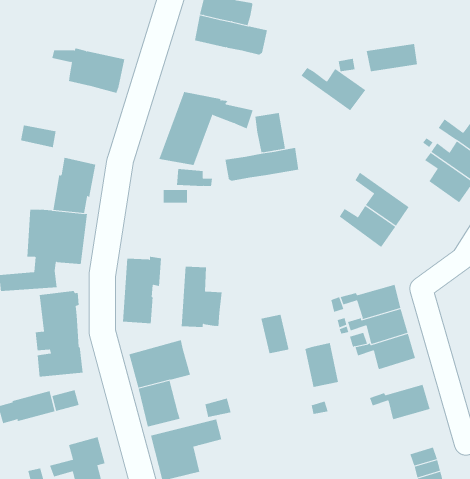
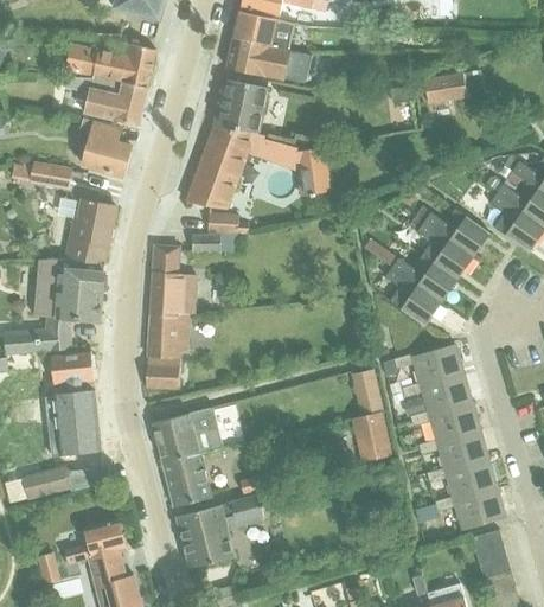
building: none -> [64,43,156,88]
building: none -> [215,81,267,133]
building: [301,67,366,111] -> [415,206,489,256]
building: none -> [76,117,130,177]
building: [225,147,299,182] -> none
building: none -> [384,267,440,326]
building: [181,266,222,328] -> [149,245,197,315]
building: [260,314,290,354] -> [350,370,383,415]
building: none -> [417,428,487,469]
building: none -> [434,486,505,529]

